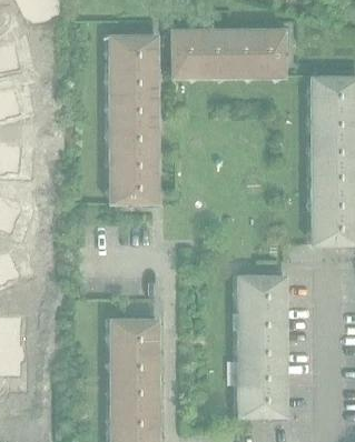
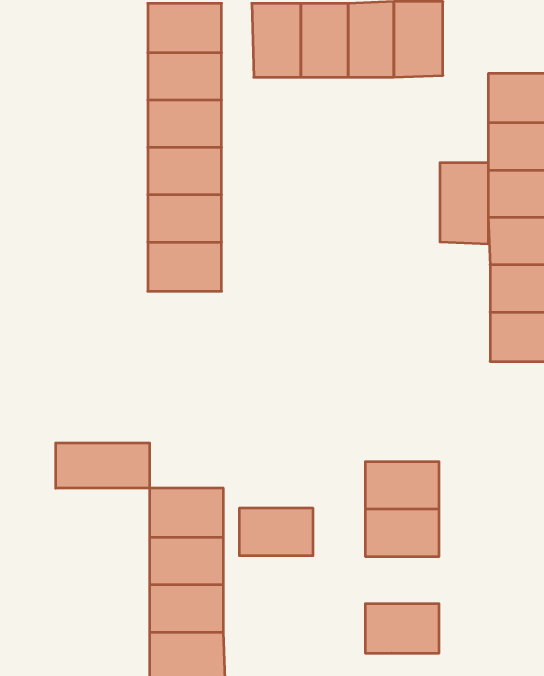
building: none -> [440,163,488,244]
building: [238,274,282,303] -> none
building: none -> [56,443,150,488]
building: [238,359,282,386] -> [239,508,313,556]

